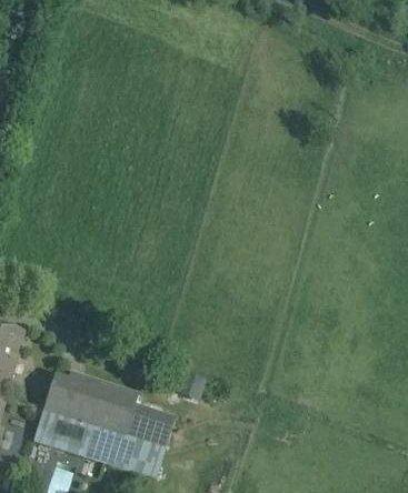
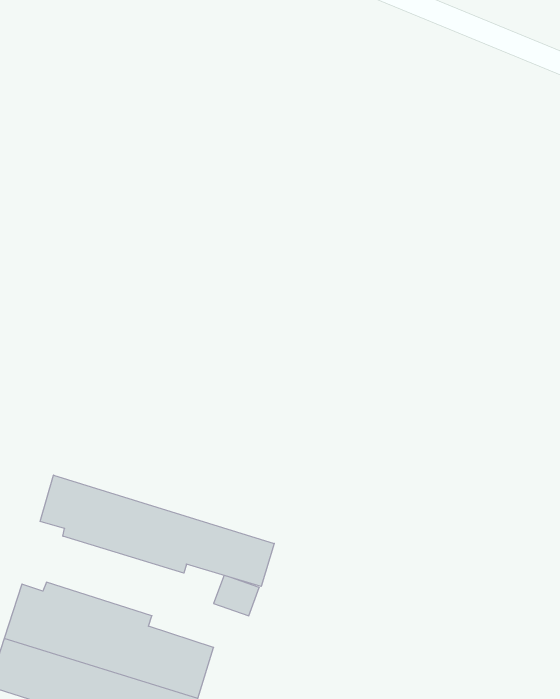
building: none -> [40,475,274,586]

